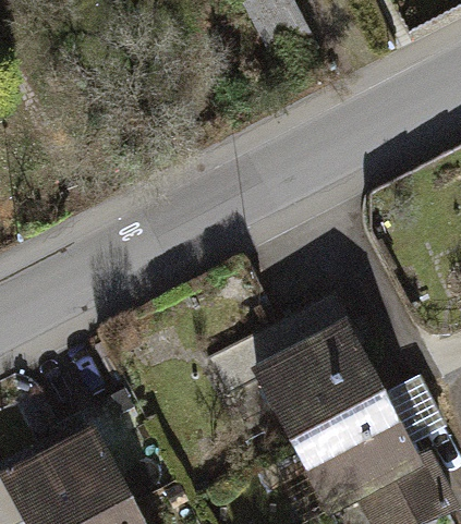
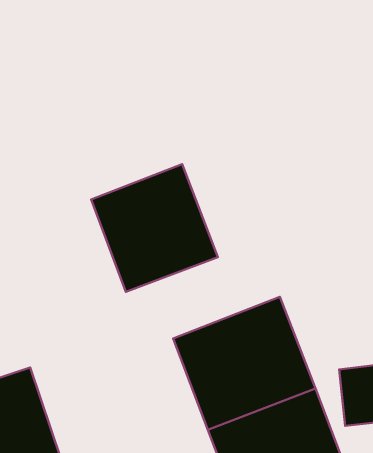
building: none -> [91,164,218,292]

